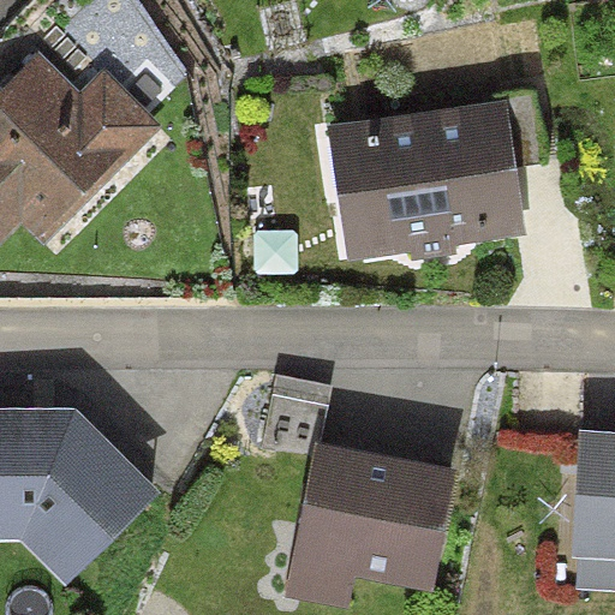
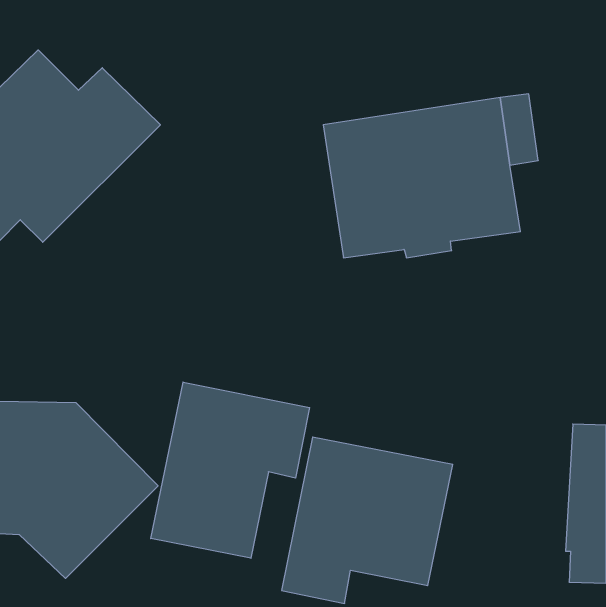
building: none -> [151,382,310,558]

